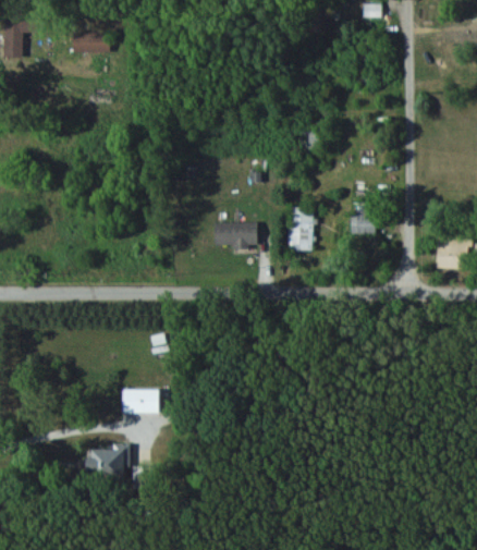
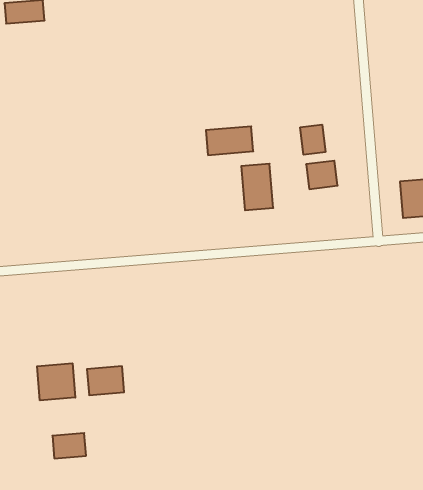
building: none -> [300,125,325,155]
building: [216,223,259,247] -> [206,126,253,155]
building: none -> [37,363,75,400]

